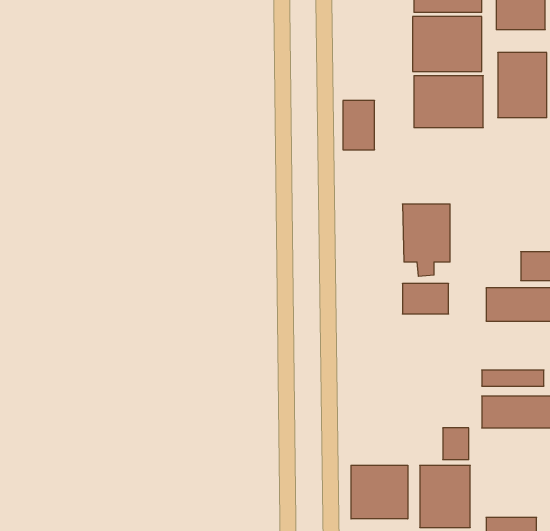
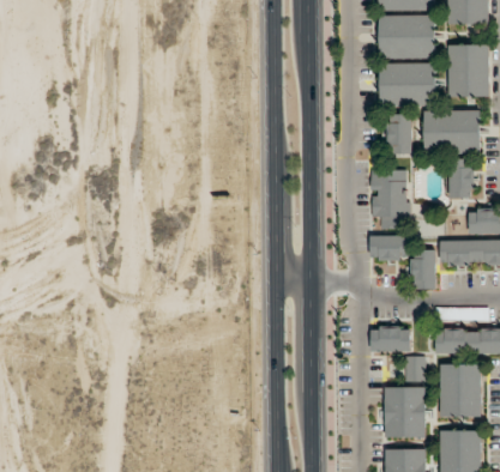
building: [343,101,375,150] -> [386,115,412,156]
building: none -> [422,111,481,155]
building: none -> [448,161,474,199]
building: none -> [411,250,435,291]
building: none -> [371,327,410,353]
building: none -> [439,364,482,419]
building: [351,465,408,519] -> none

